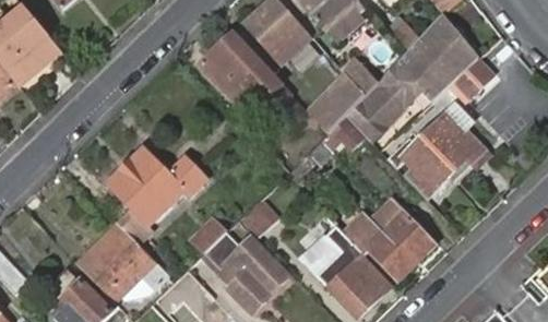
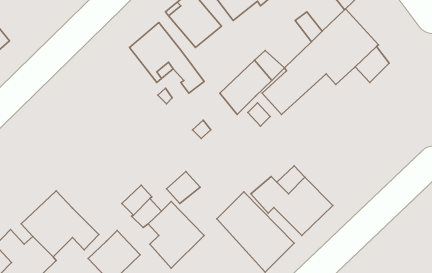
building: [384,104,483,196] -> none
building: [106,145,209,245] -> none

